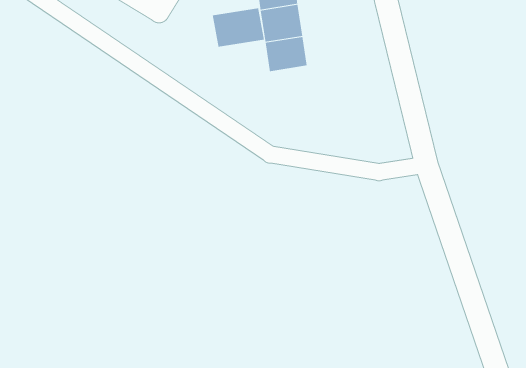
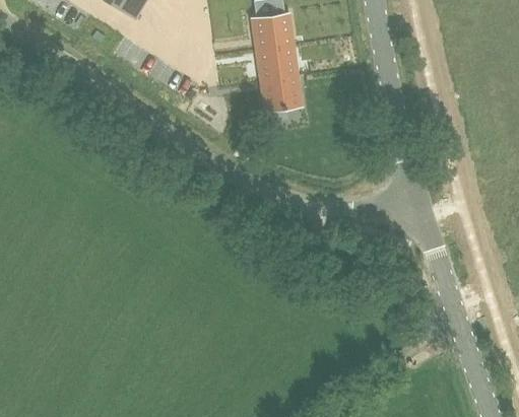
building: [212,7,264,48] -> none

